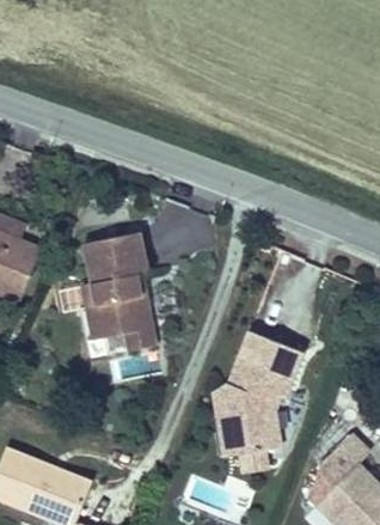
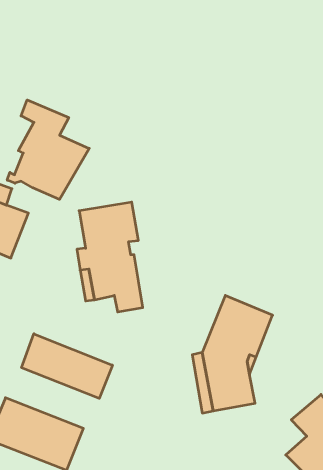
building: none -> [7,100,89,199]
building: none -> [22,334,112,398]

